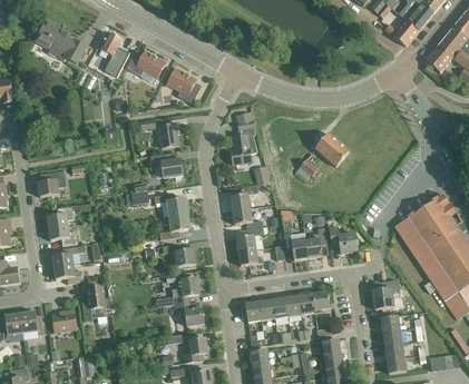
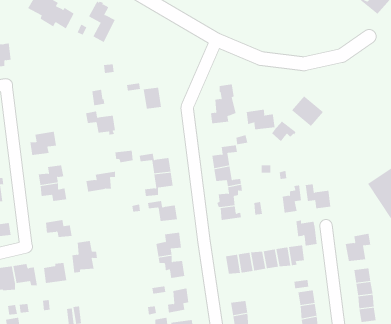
building: [126,49,165,78] -> none
building: [166,67,201,104] -> none
building: none -> [246,109,275,130]
building: [149,154,182,179] -> [85,111,116,135]
building: [283,232,306,259] -> [295,220,317,246]
building: [51,245,84,267] -> [85,171,116,192]

